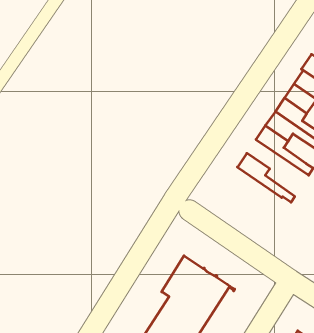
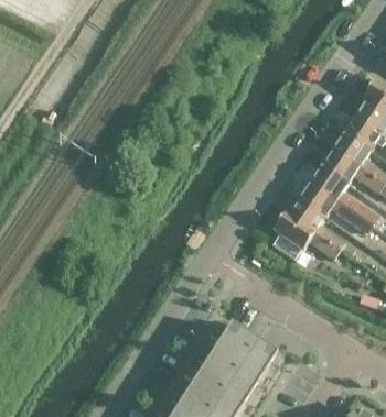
building: none -> [297,180,369,231]
building: none -> [271,212,339,257]

